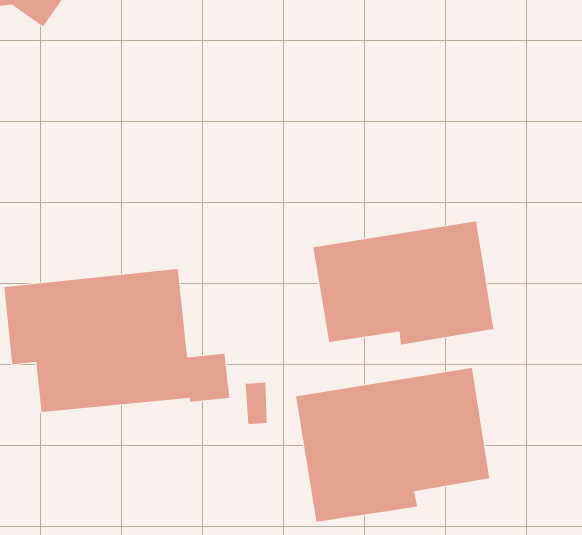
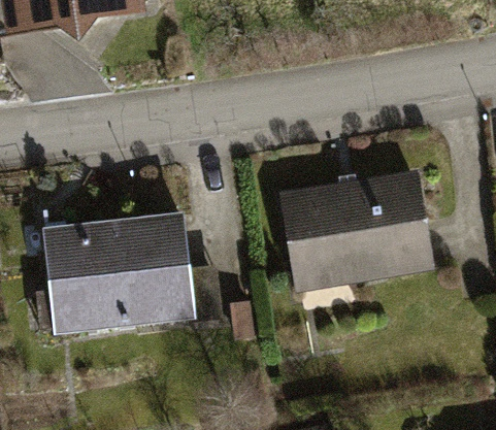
building: [295,367,490,523] -> none

